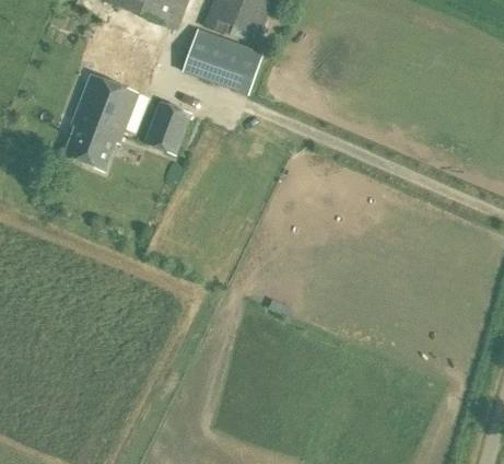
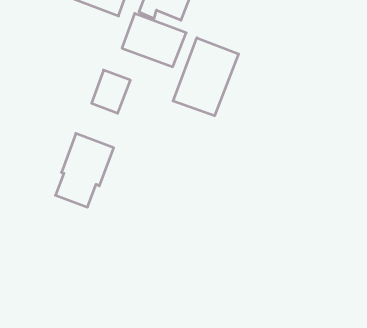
building: none -> [173,38,239,116]
building: [63,73,139,169] -> [55,133,114,207]

